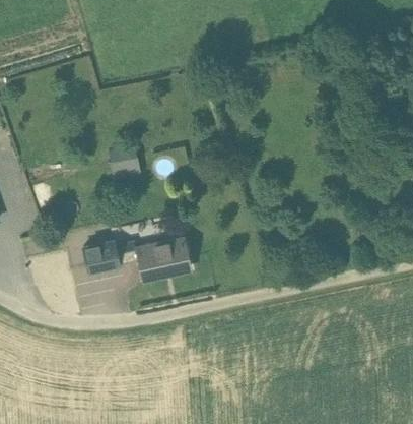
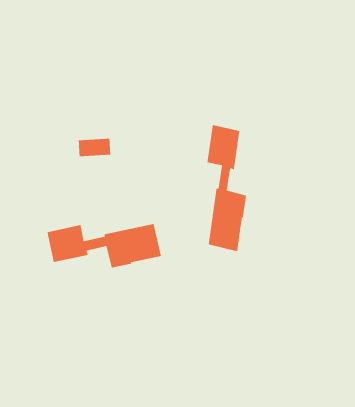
building: none -> [207,124,247,252]

